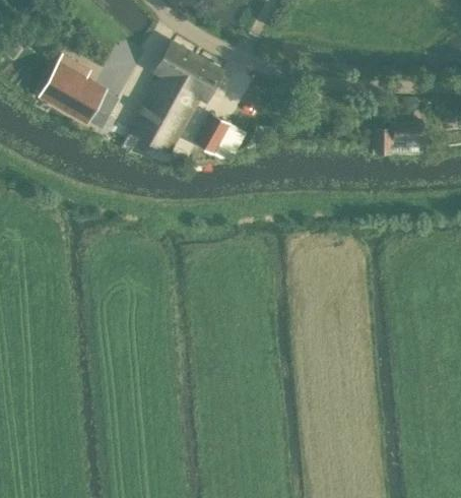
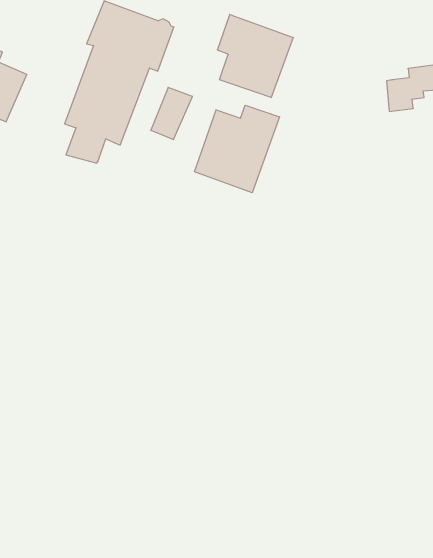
building: none -> [218,14,293,98]
building: none -> [194,105,280,193]

